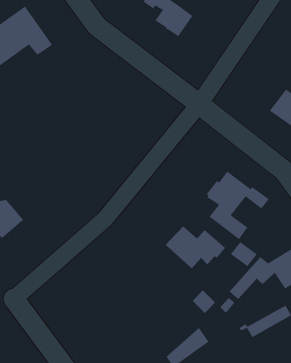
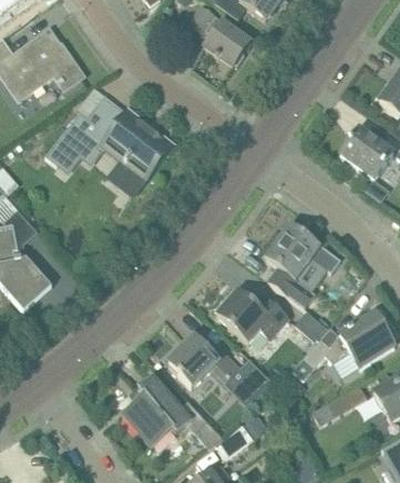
building: none -> [45,92,171,212]
building: none -> [170,336,242,387]
building: none -> [123,377,220,446]

